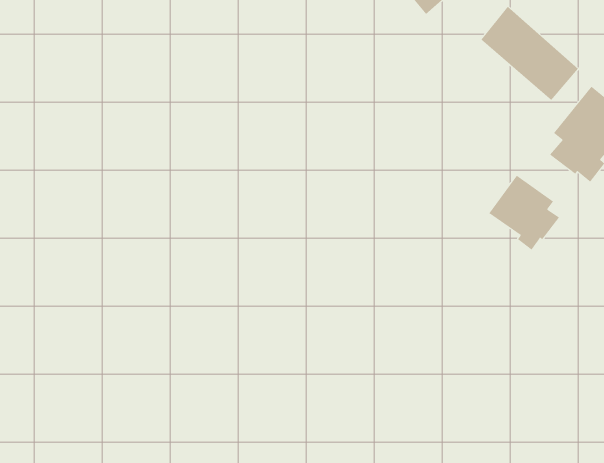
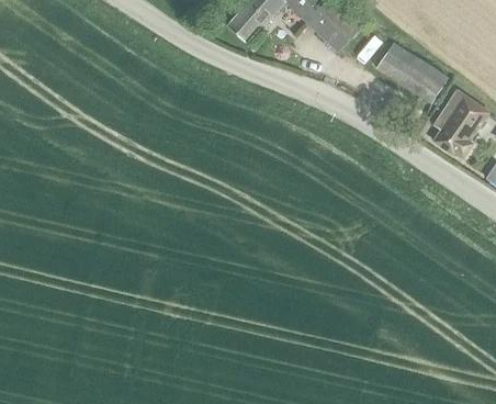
building: [489,175,560,251] -> none

